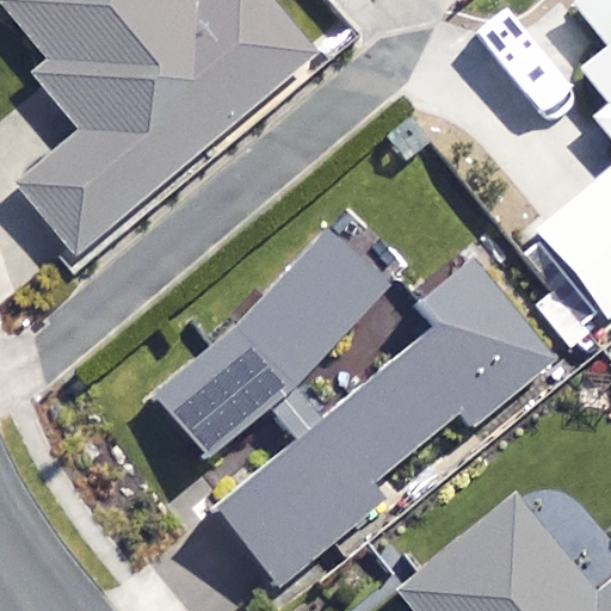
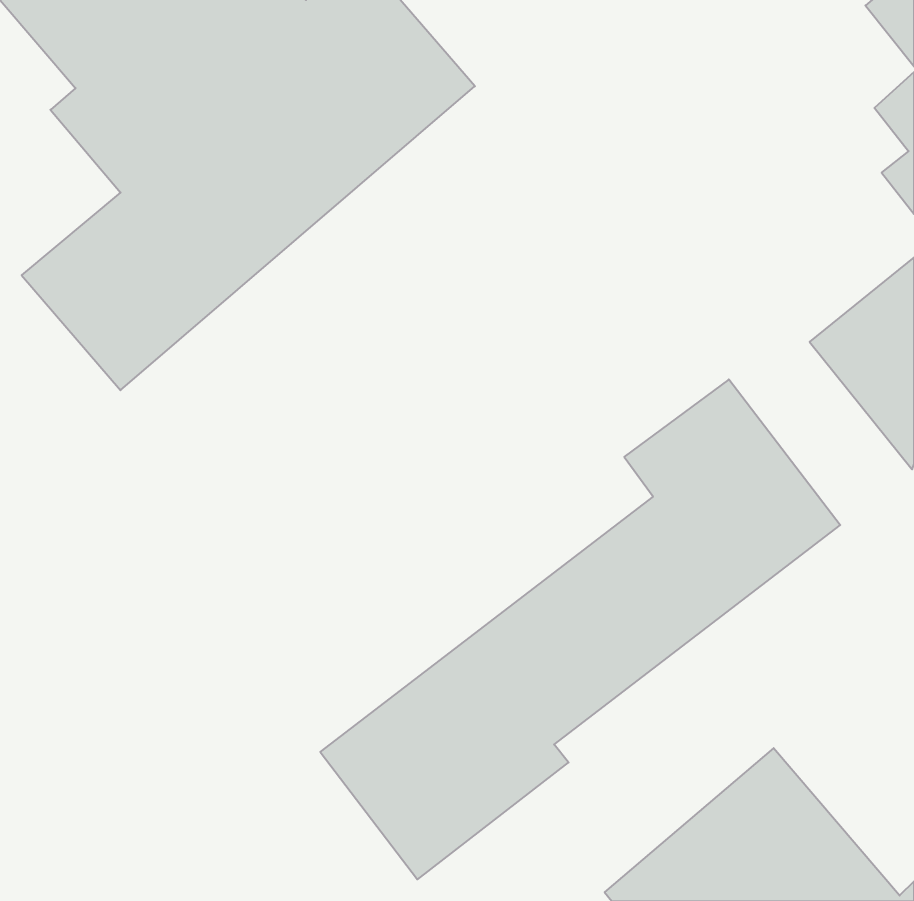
building: [149,227,413,465] -> none

